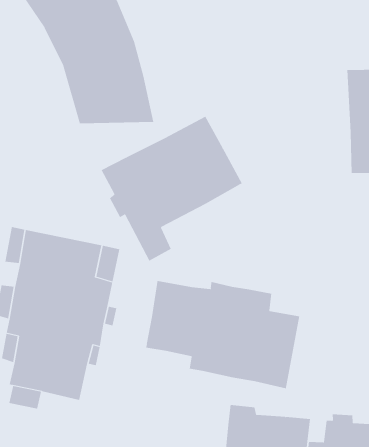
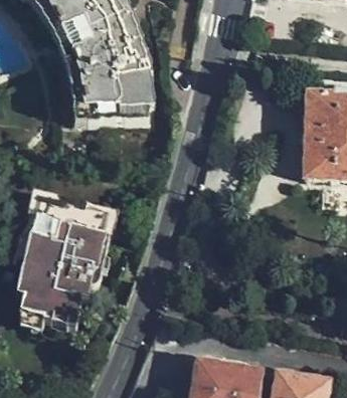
building: [101,116,243,261] -> none
building: [146,280,300,389] -> none

